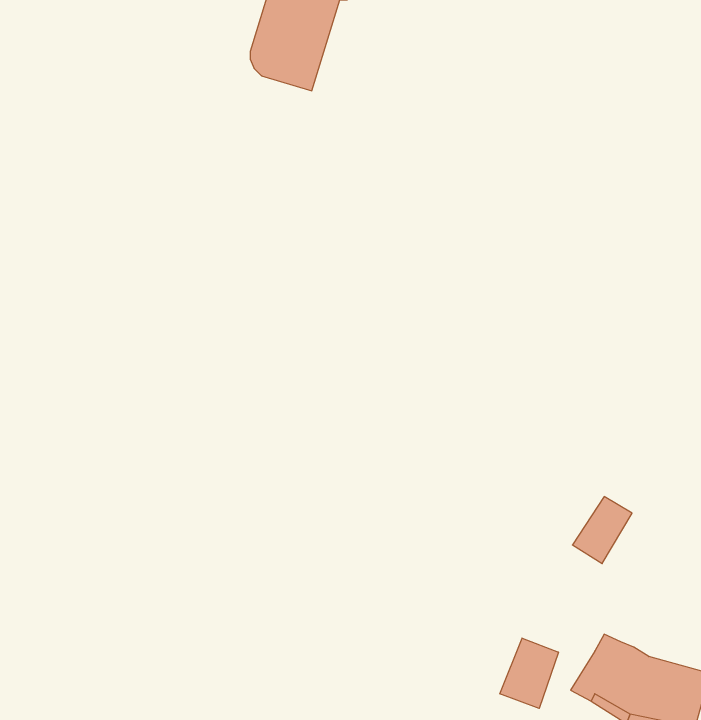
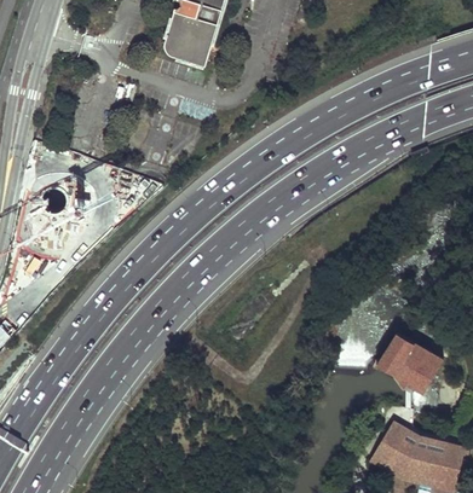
building: none -> [390,340,443,394]
building: [500,638,558,708] -> none

